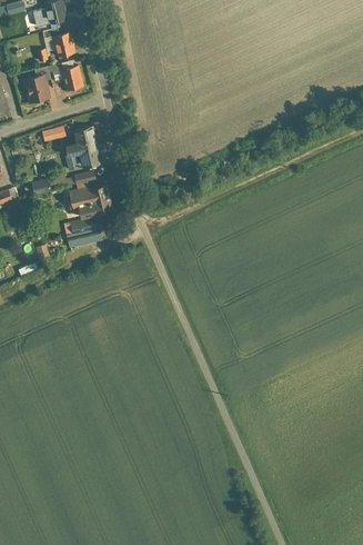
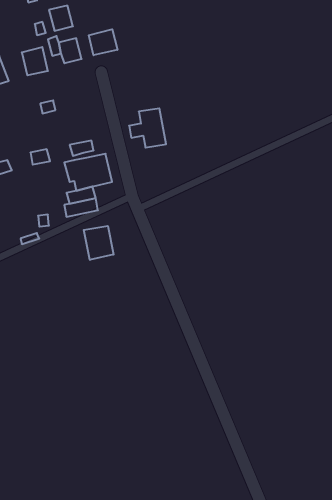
building: none -> [89,29,117,55]
building: [62,126,100,166] -> [129,108,166,148]
building: none -> [84,226,114,260]

